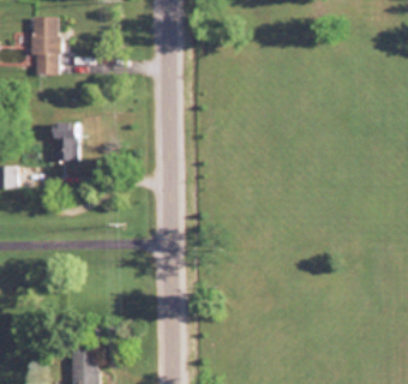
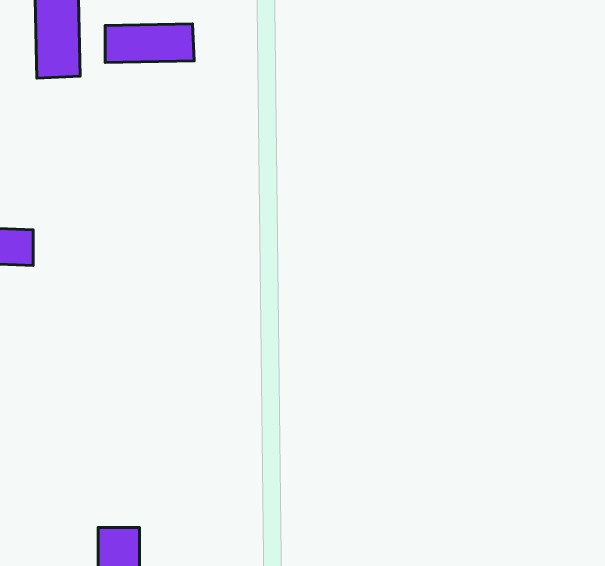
building: none -> [105,24,194,63]
building: [53,121,76,158] -> none

